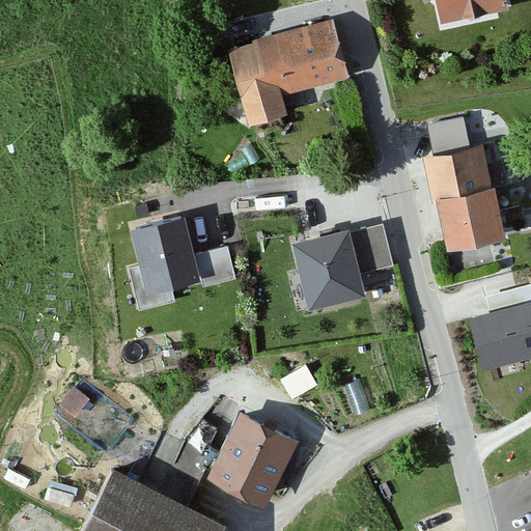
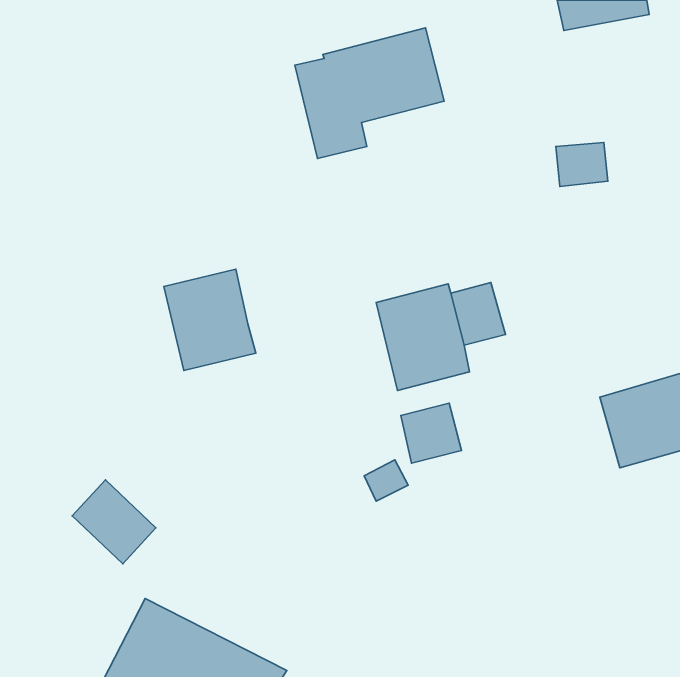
building: [420,149,504,253] -> none
building: [194,247,235,286] -> none
building: none -> [401,403,461,463]
building: [208,417,298,509] -> none

